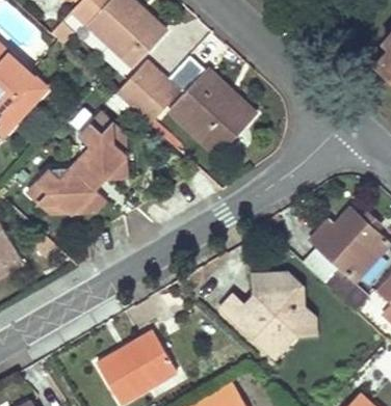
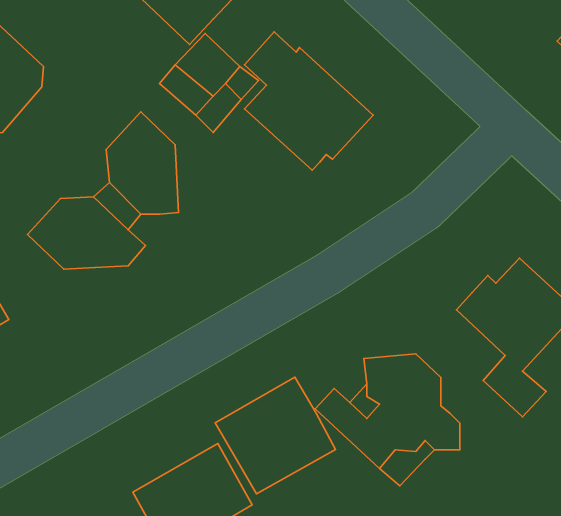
building: none -> [215,377,336,494]

